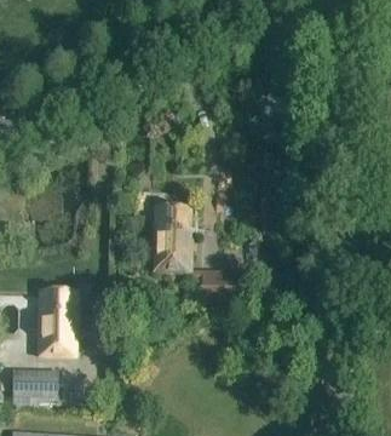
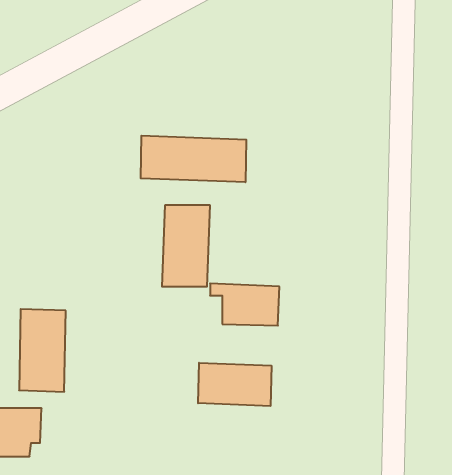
building: none -> [141,136,246,182]
building: none -> [198,363,271,406]

